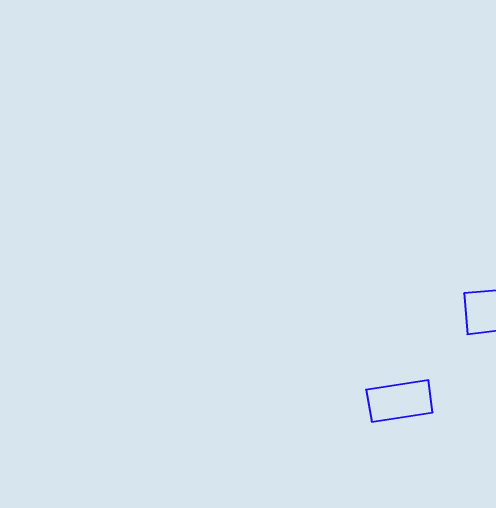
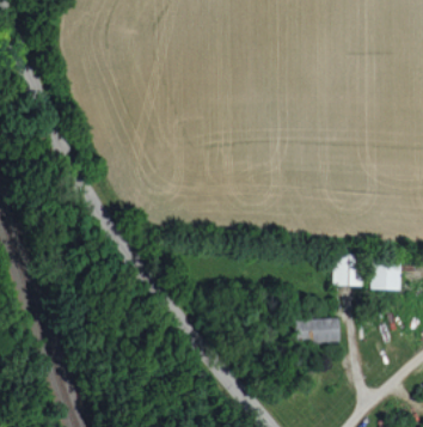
building: none -> [333,255,362,286]

